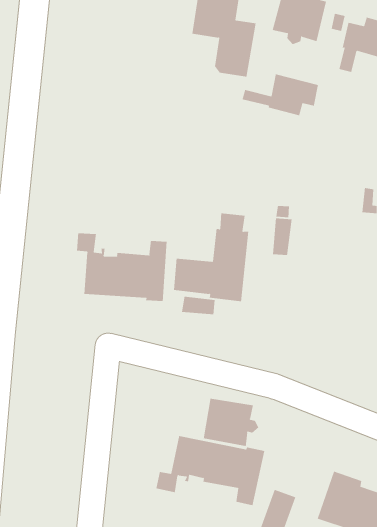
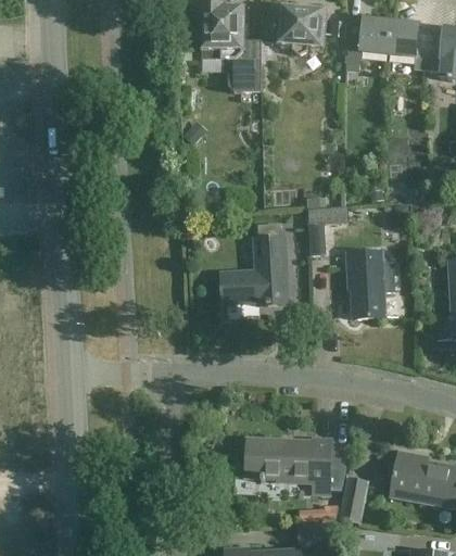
building: [242,74,319,116] -> none
building: [77,232,167,302] -> none
building: none -> [347,249,387,318]
building: [203,398,259,447] -> none

